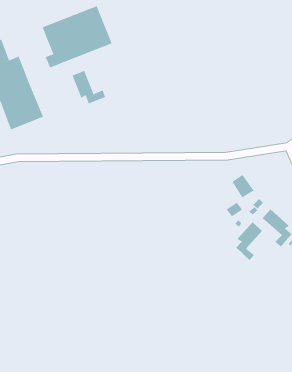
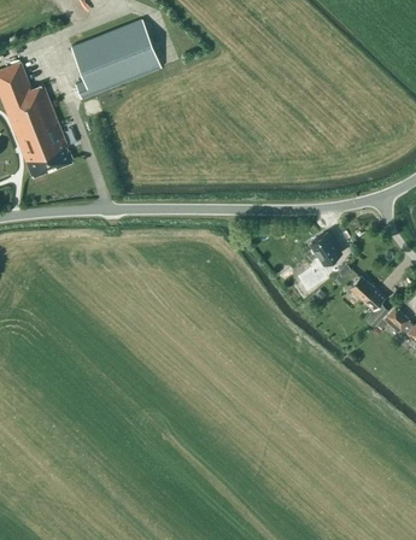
building: [72,70,106,104] -> none
building: [235,221,263,261] -> none

